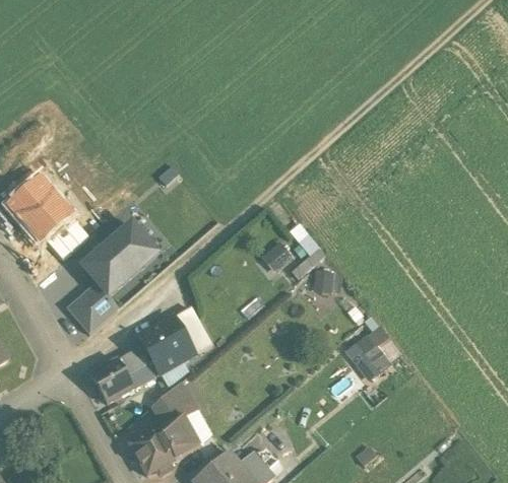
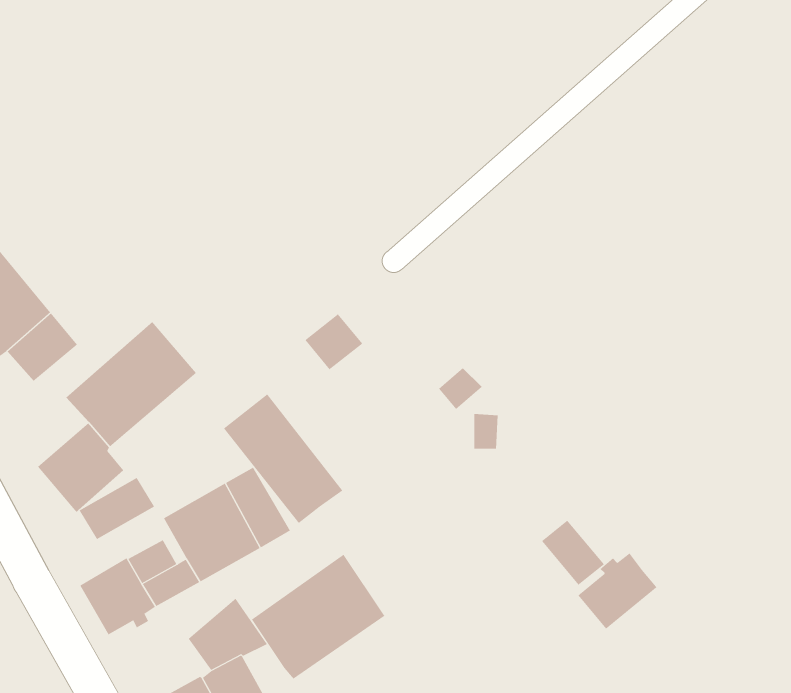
building: [261,238,295,271] -> [304,313,363,370]
building: none -> [223,393,343,524]
building: none -> [79,477,155,540]
building: none -> [578,553,658,629]
building: none -> [251,554,385,680]

